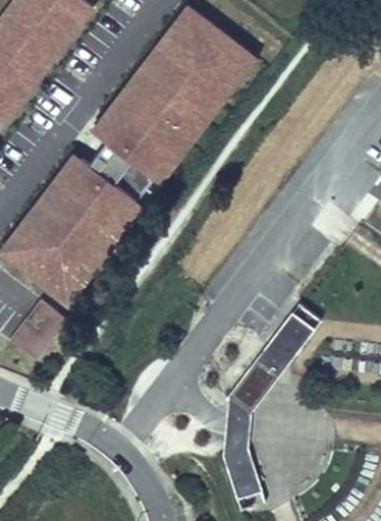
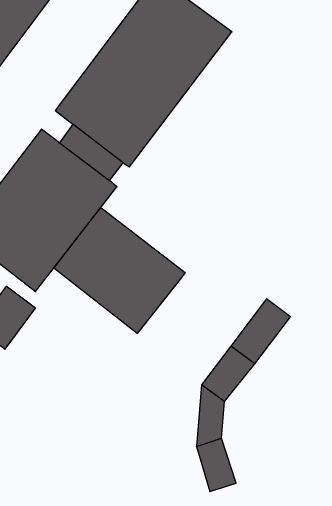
building: none -> [54,208,185,333]

